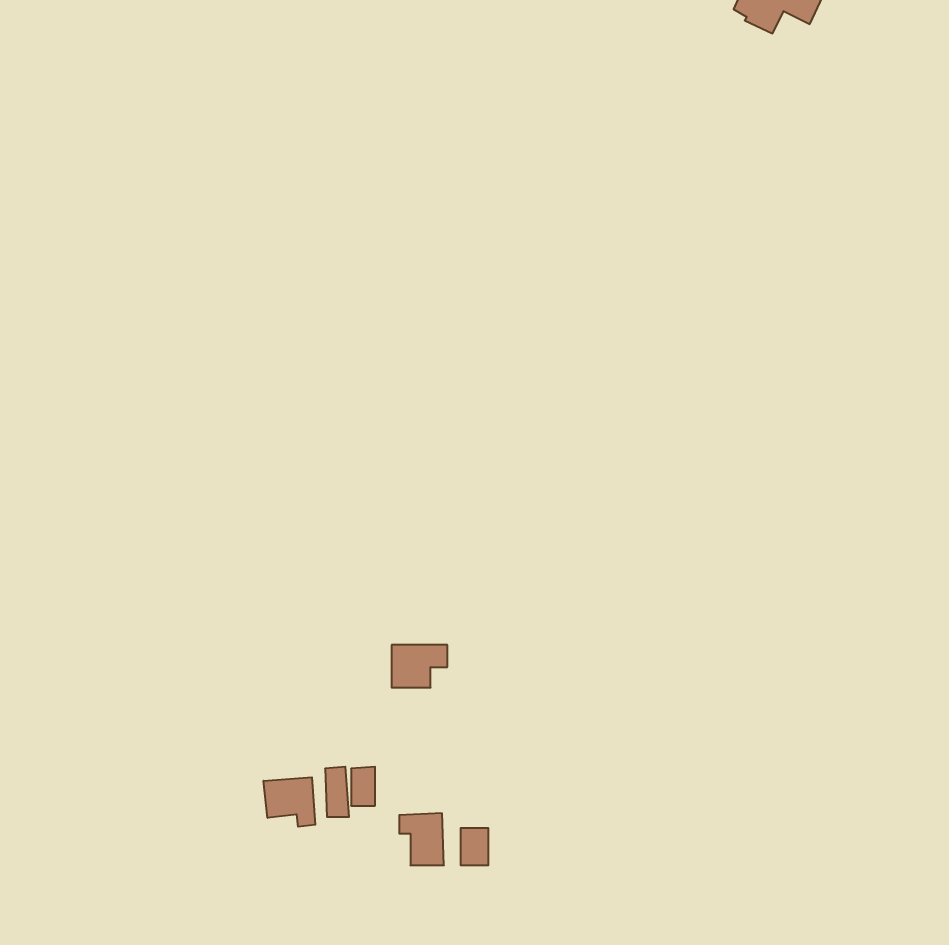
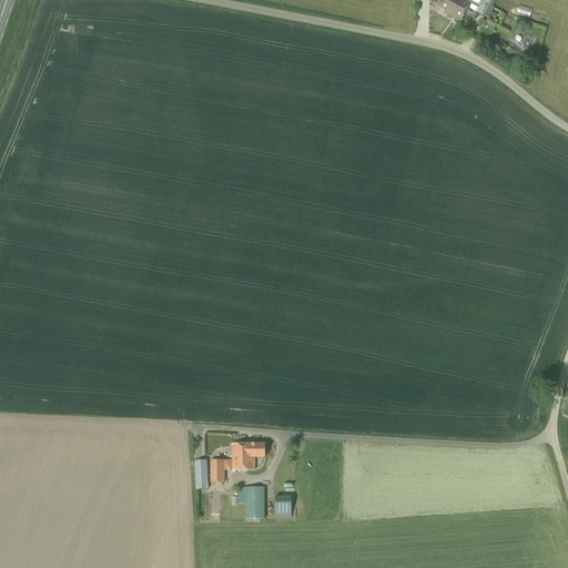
building: [392,645,447,688] -> [232,443,265,468]
building: [264,777,315,827] -> none

